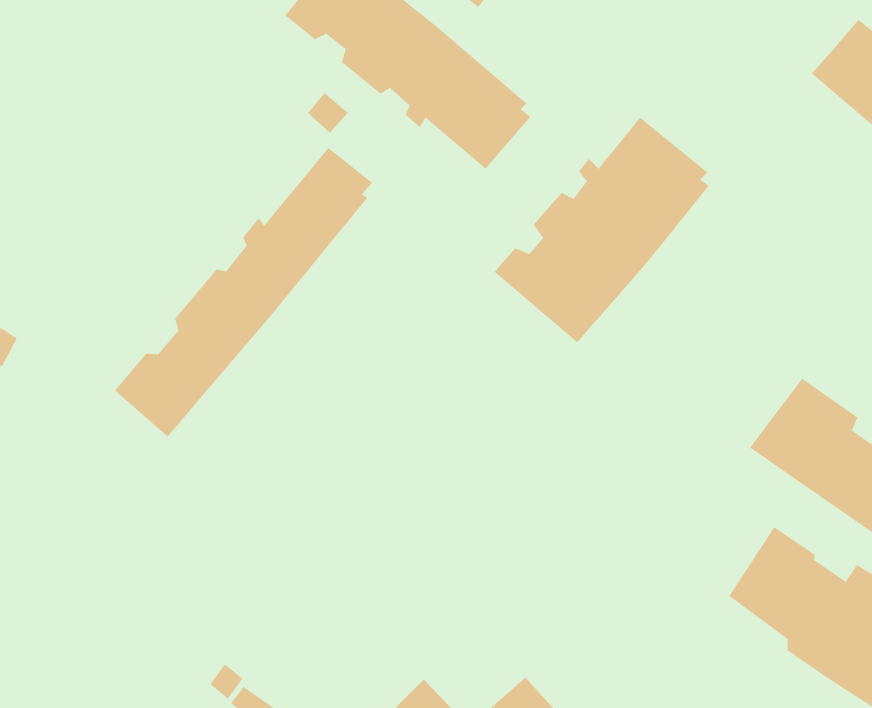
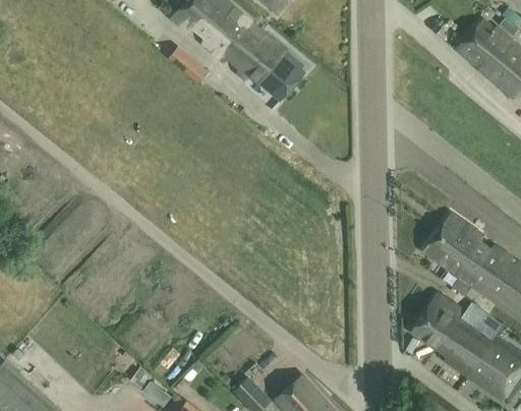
building: [494,117,709,343] -> none
building: [114,147,373,438] -> none

